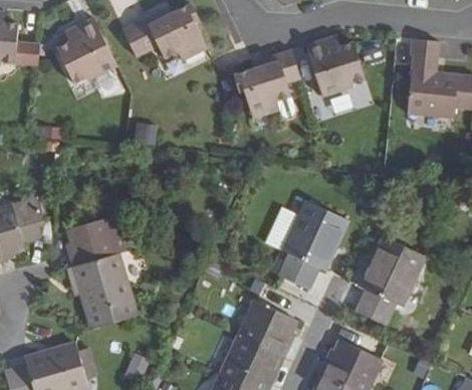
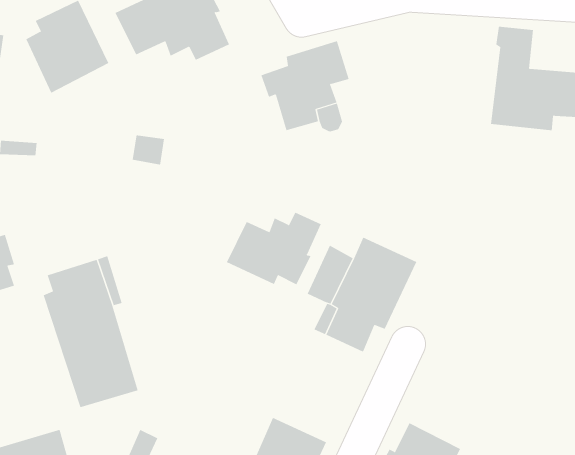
building: [303,36,364,96] -> none
building: none -> [226,212,322,285]
building: [357,234,427,321] -> none
building: [240,300,298,356] -> none

